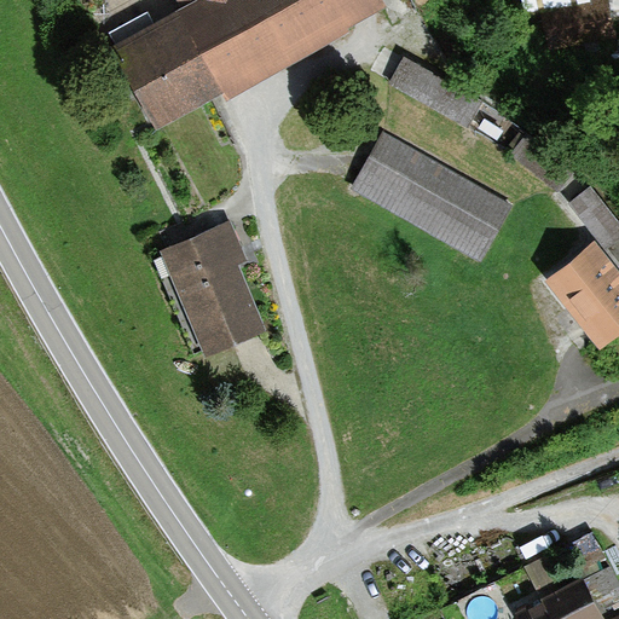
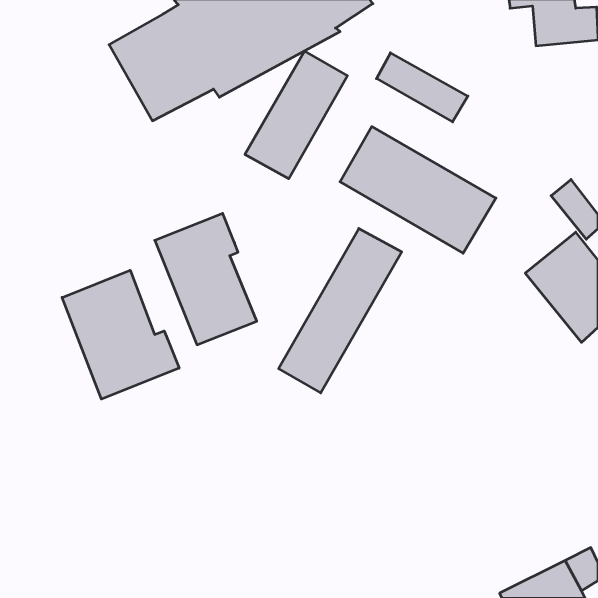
building: none -> [245,51,347,179]
building: none -> [279,228,402,393]
building: none -> [62,270,179,399]

